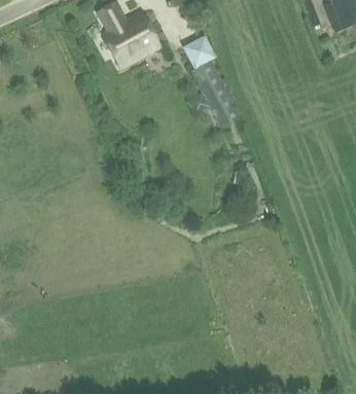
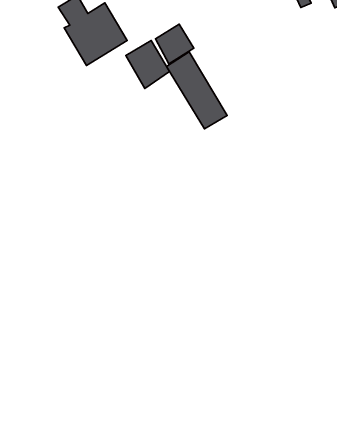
building: none -> [126,41,170,88]

